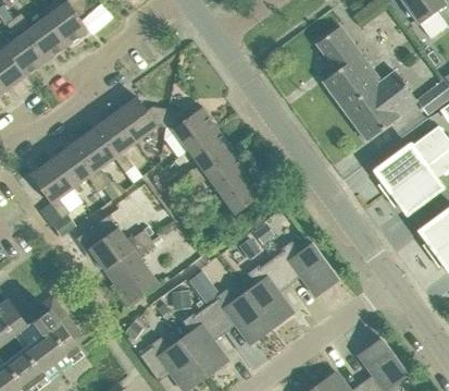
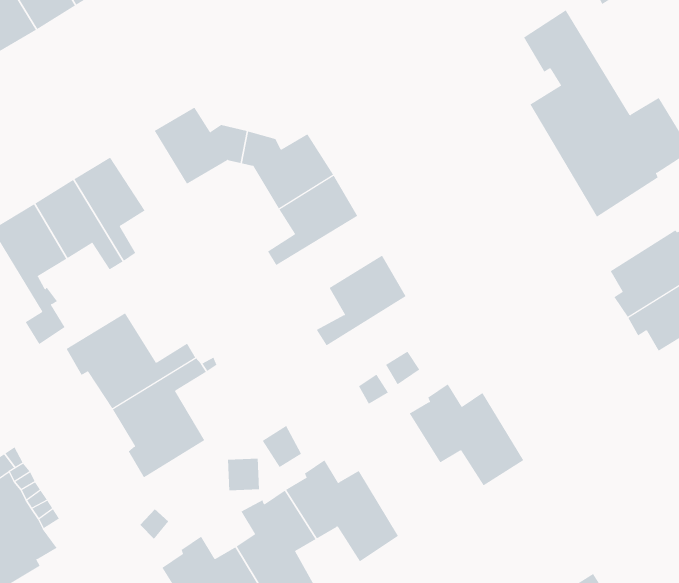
building: [92,112,136,172] -> none
building: [189,150,248,192] -> none
building: [245,258,291,327] -> none

